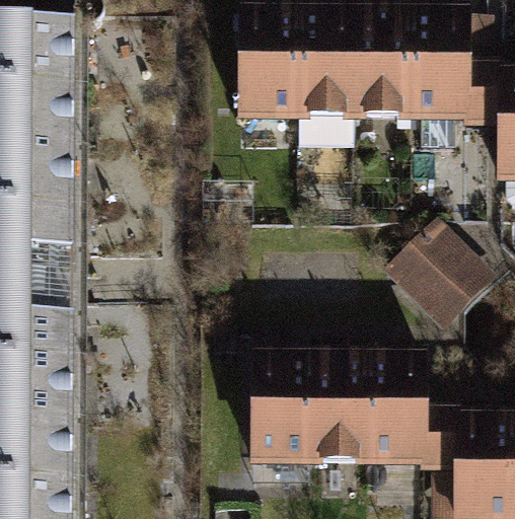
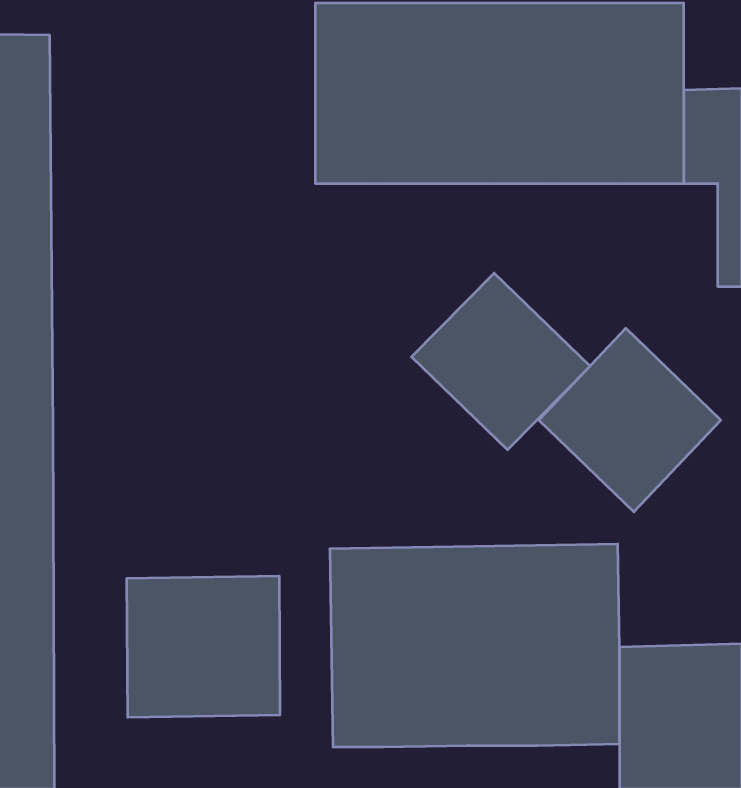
building: none -> [411,273,590,450]
building: none -> [127,576,280,717]

